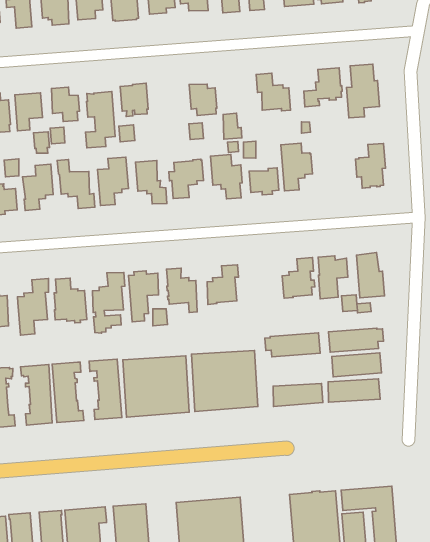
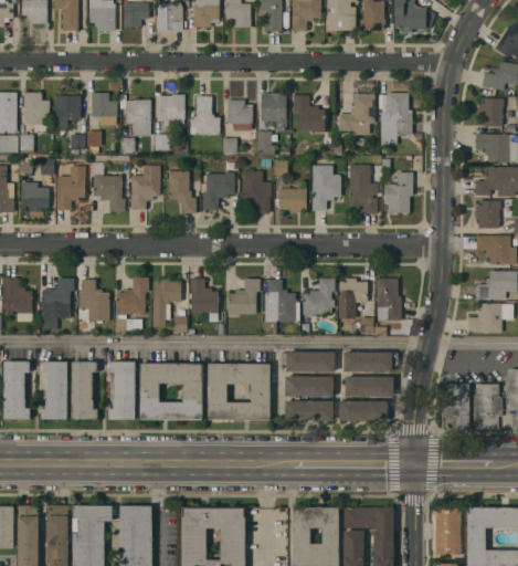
building: none -> [261,93,286,130]
building: none -> [190,95,220,135]
building: none -> [349,165,377,213]
building: none -> [262,279,299,334]
building: none -> [285,376,332,396]

